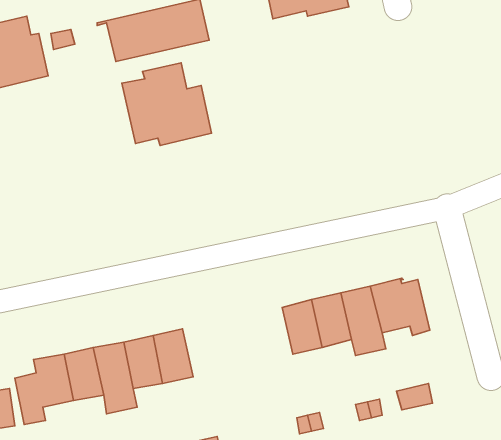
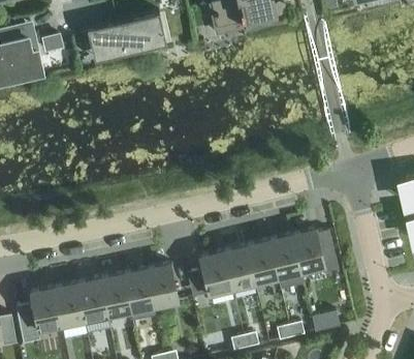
building: [122,63,211,146] -> none
building: none -> [198,251,231,294]
building: none -> [146,263,178,305]

